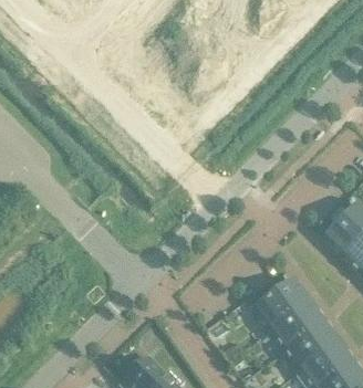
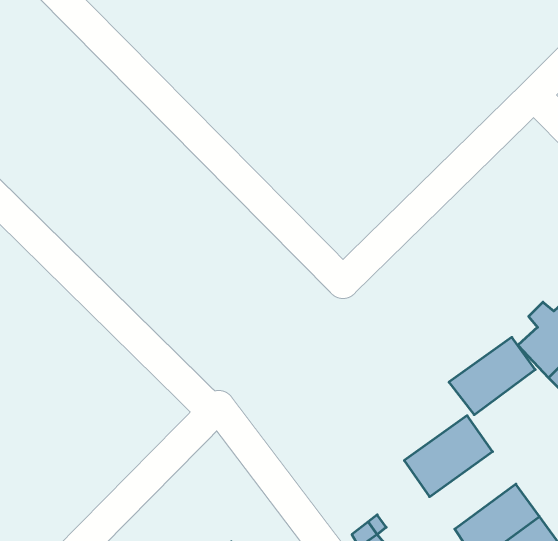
building: [270,300,323,347] -> [449,337,535,415]

